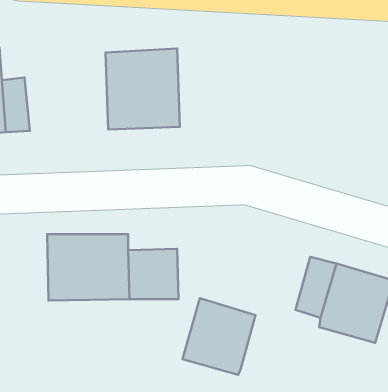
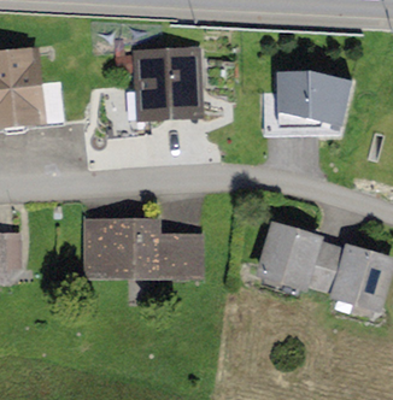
building: none -> [263,73,352,130]
building: [183,298,256,375] -> [254,223,321,293]

